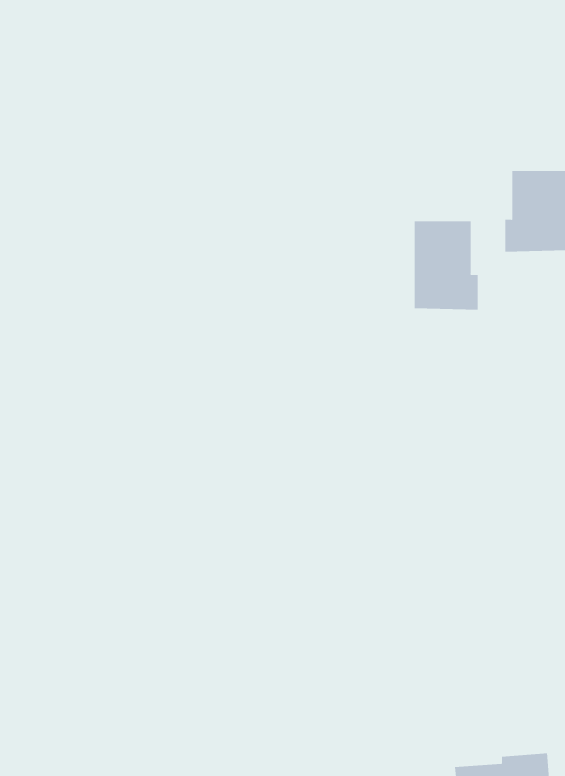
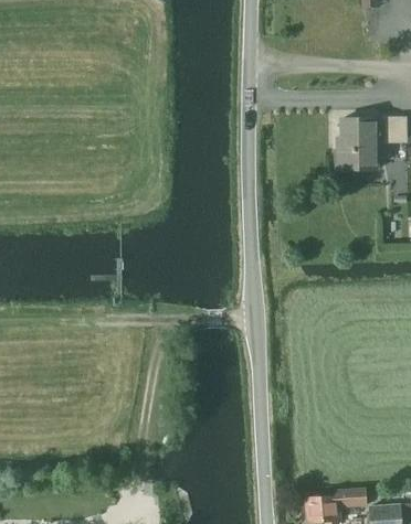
building: [414,220,478,311] -> none

